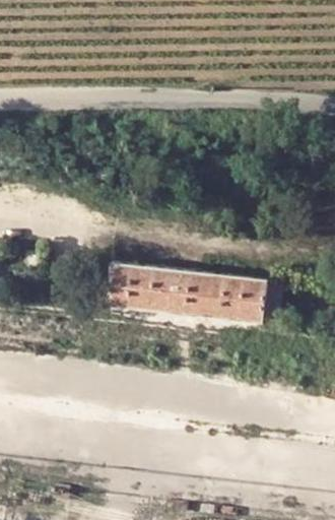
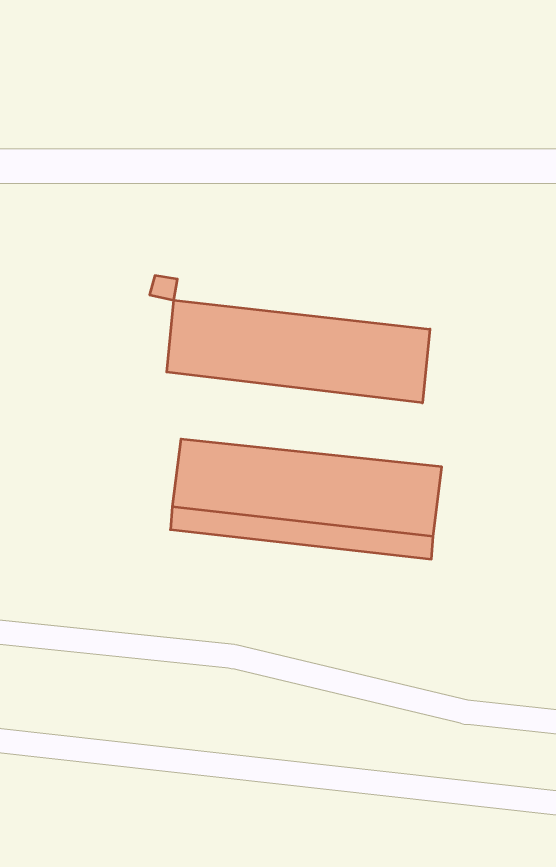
building: none -> [167,300,430,403]

